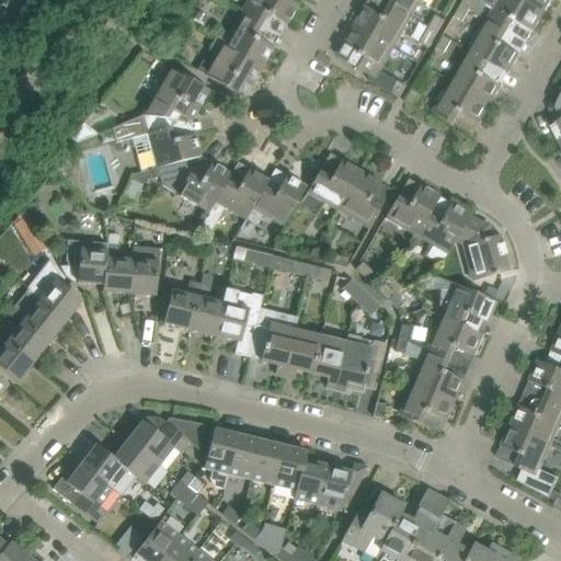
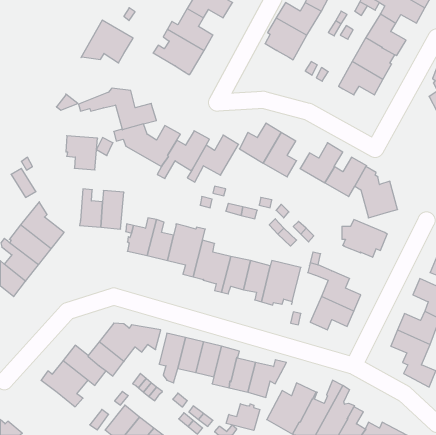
building: [144,66,210,121] -> [81,20,133,63]
building: [67,239,107,283] -> [66,136,98,170]
building: [426,314,483,357] -> none
building: none -> [226,404,260,430]

